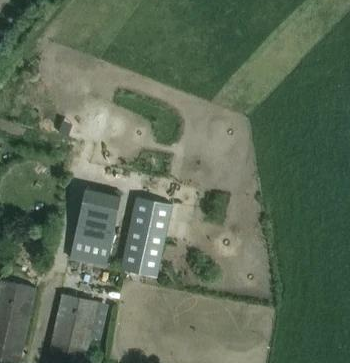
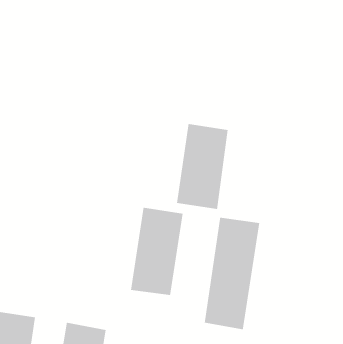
building: [70,189,120,266] -> [176,123,228,210]
building: none -> [204,217,260,330]

